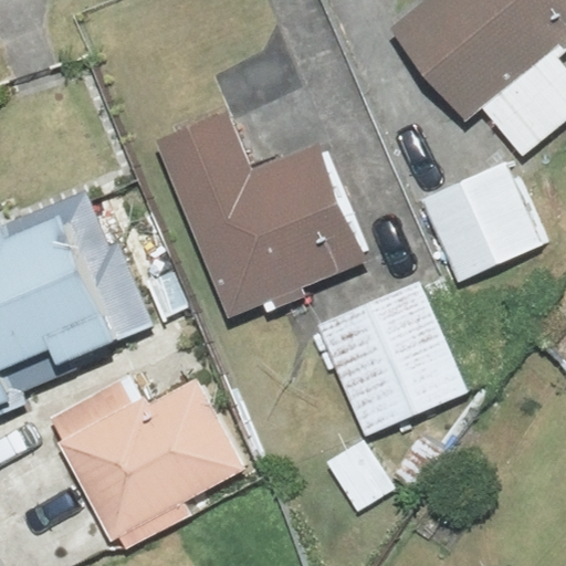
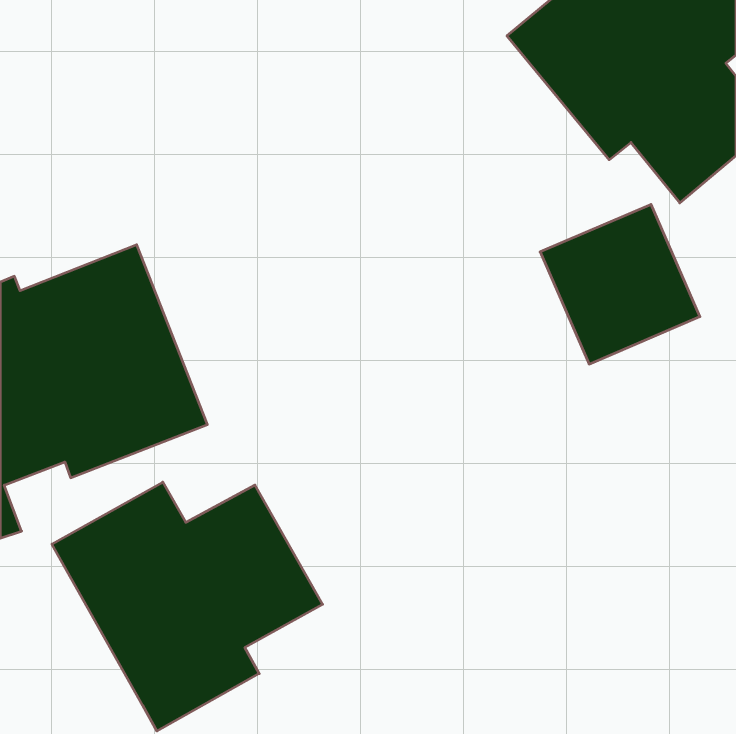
building: [158,117,365,314] -> none
building: [313,284,470,442] -> none

